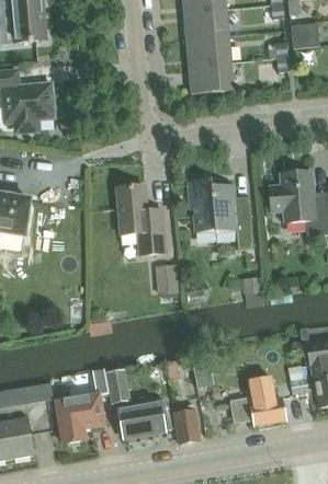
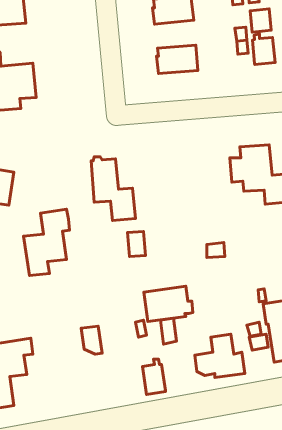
building: [186,35,231,66] -> none
building: none -> [252,34,275,64]
building: [188,180,255,249] -> none
building: [55,369,105,441] -> [23,209,70,276]
building: [117,400,171,438] -> [144,286,193,321]

